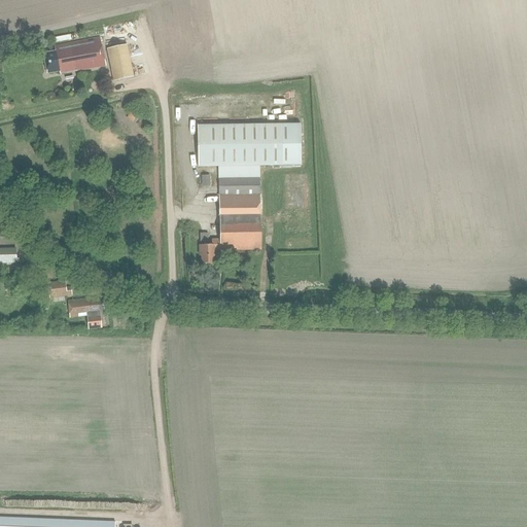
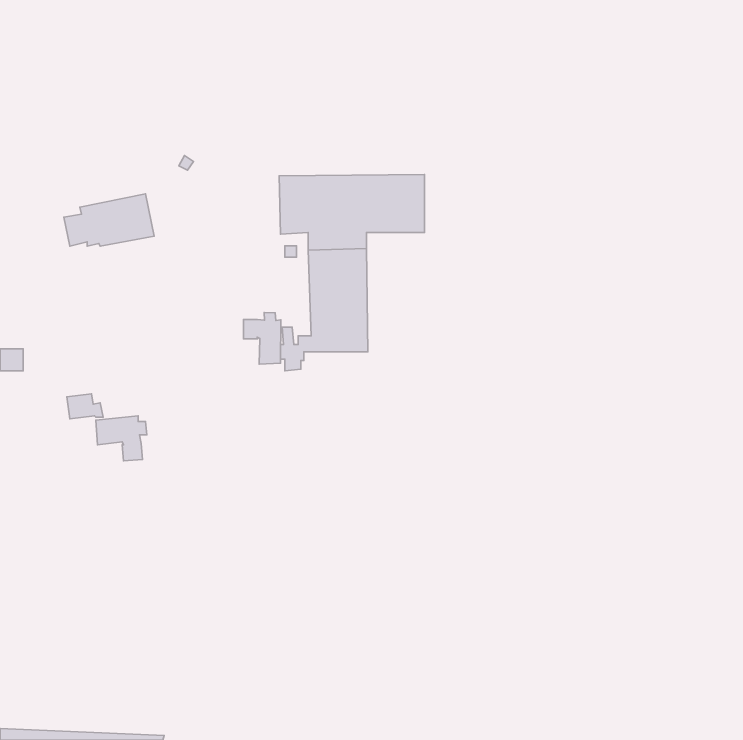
building: [42,35,106,72] -> [64,194,154,246]
building: [108,43,135,79] -> none
building: none -> [243,313,281,364]

